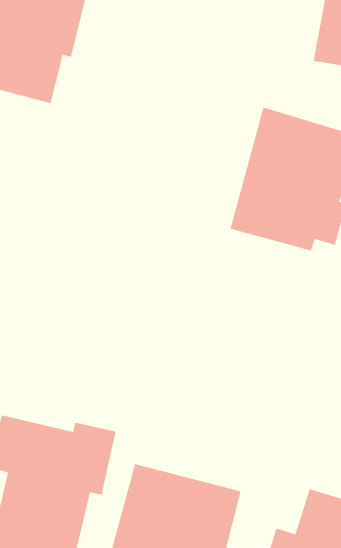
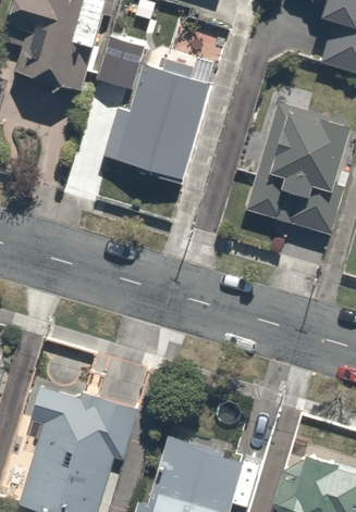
building: none -> [96,36,212,178]

